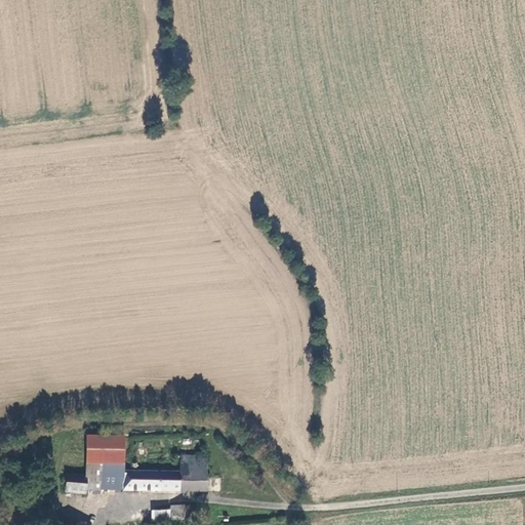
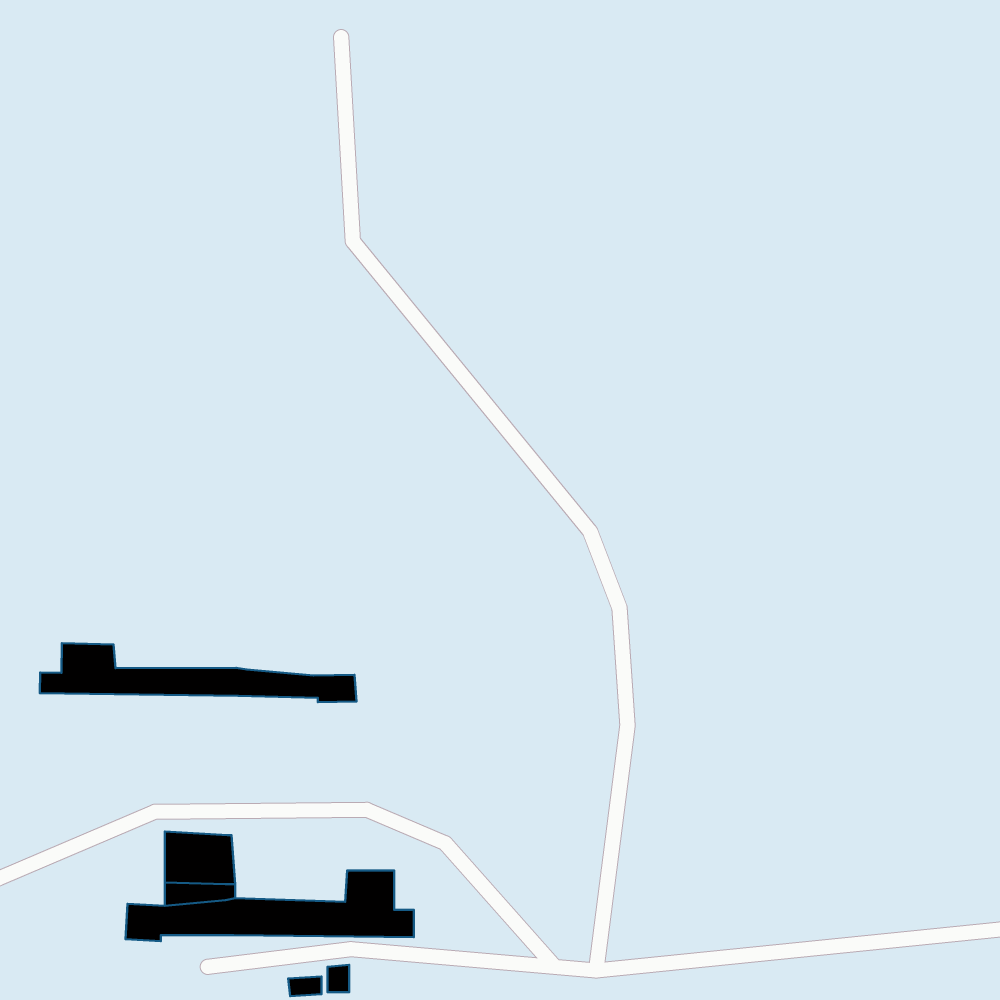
building: none -> [40,643,356,702]

